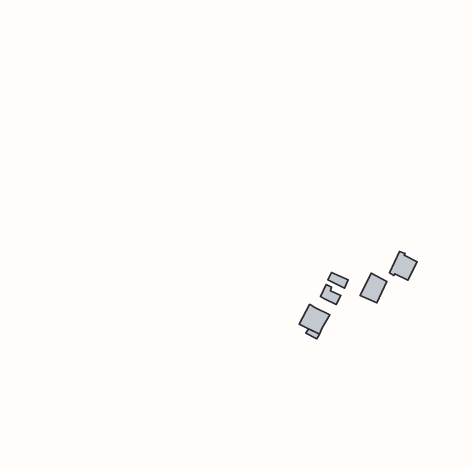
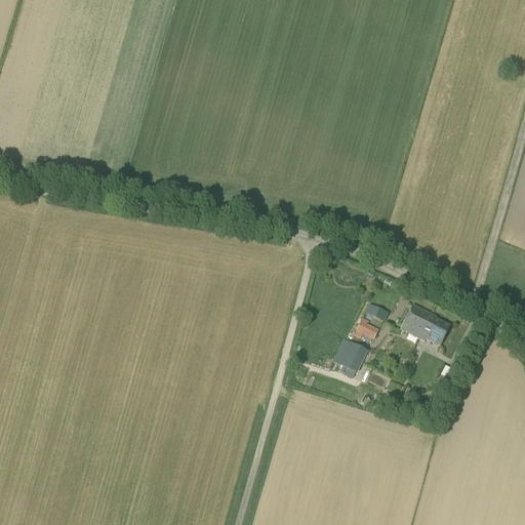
building: [389,252,417,280] -> [419,313,450,345]

